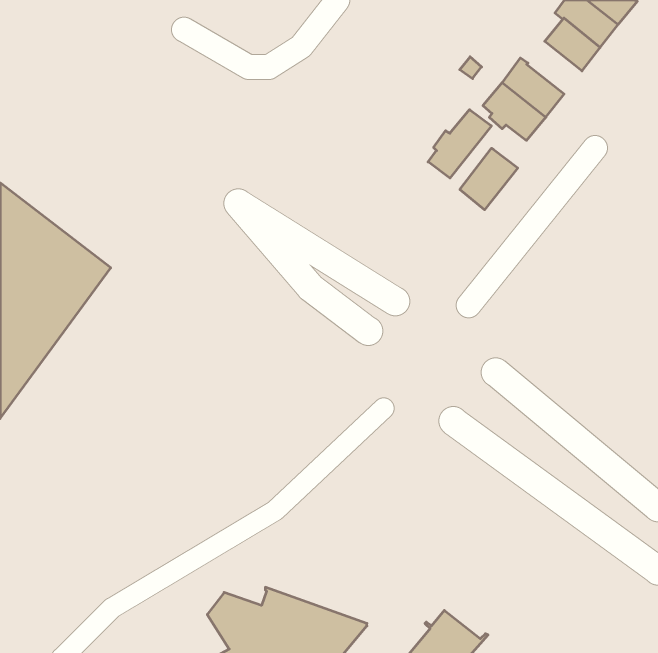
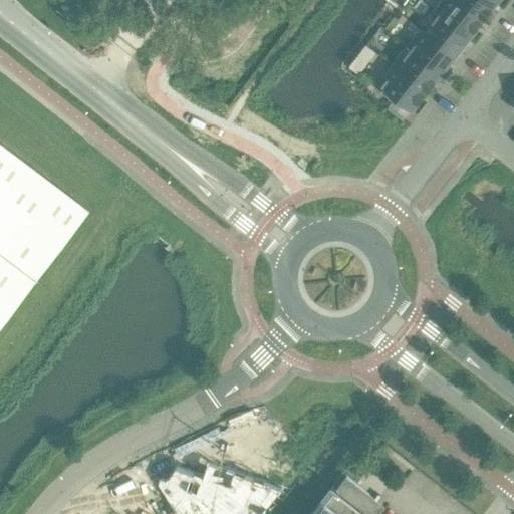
building: none -> [406,32,454,77]
building: [428,110,491,178] -> none
building: [460,148,518,210] -> none

